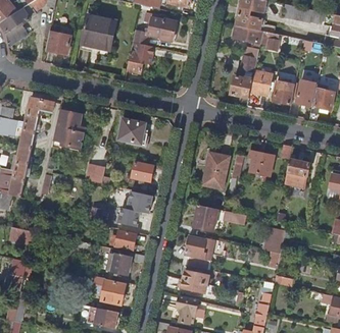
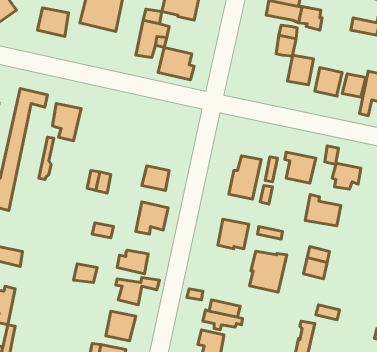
building: [231,70,254,102] -> none
building: [117,118,147,145] -> [158,48,194,80]
building: none -> [305,195,341,226]
building: [184,236,214,270] -> [249,251,287,292]

